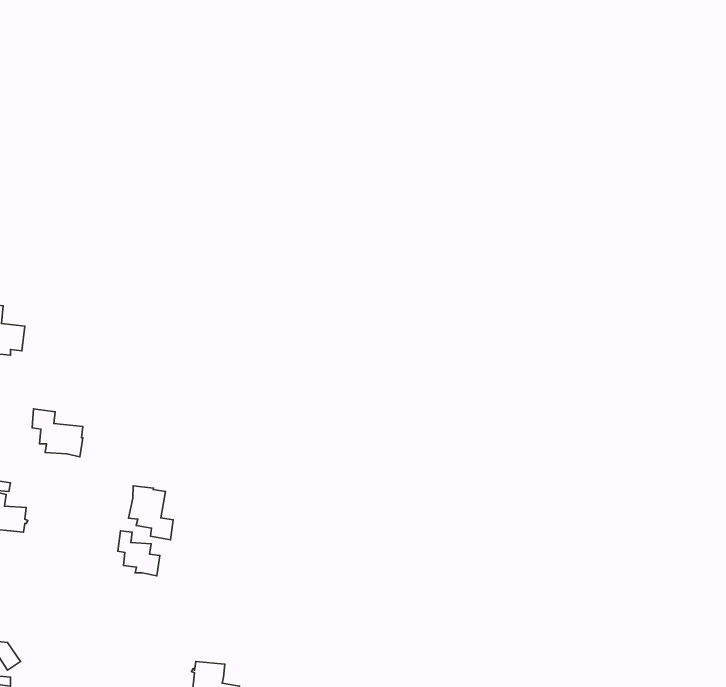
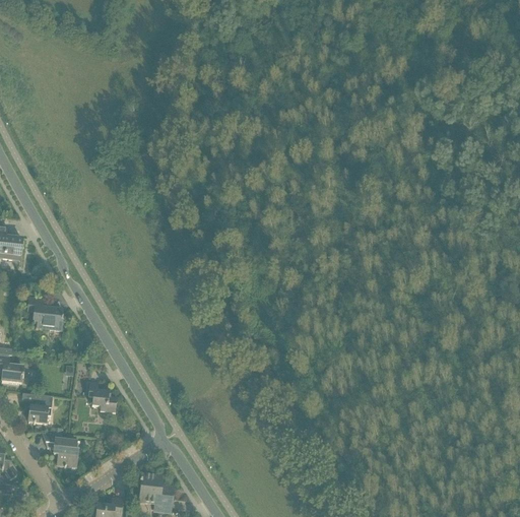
building: [129,486,173,540] -> none
building: none -> [21,394,53,425]
building: none -> [42,433,78,467]

